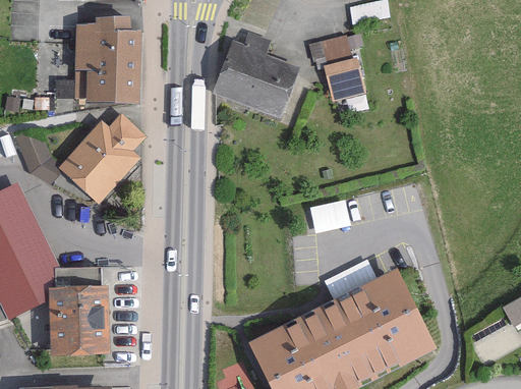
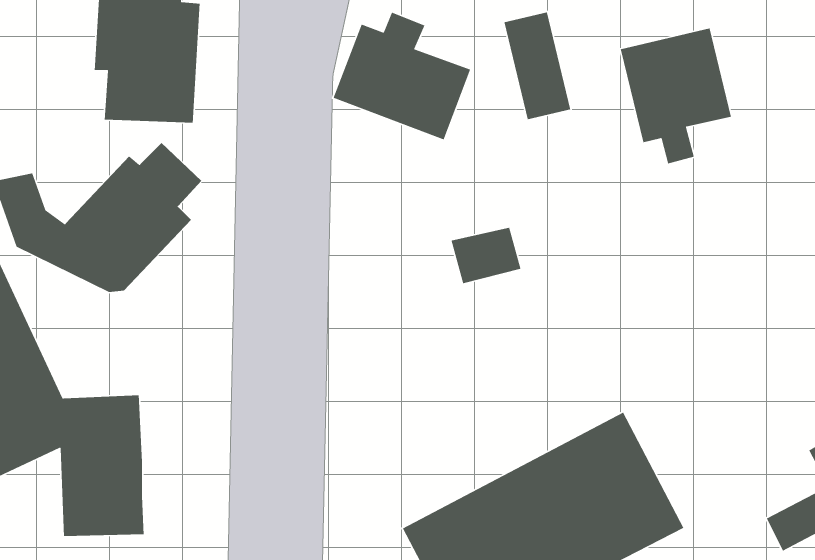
building: none -> [620,27,732,165]
building: [309,197,352,231] -> [451,227,522,284]
building: [325,259,378,295] -> none

